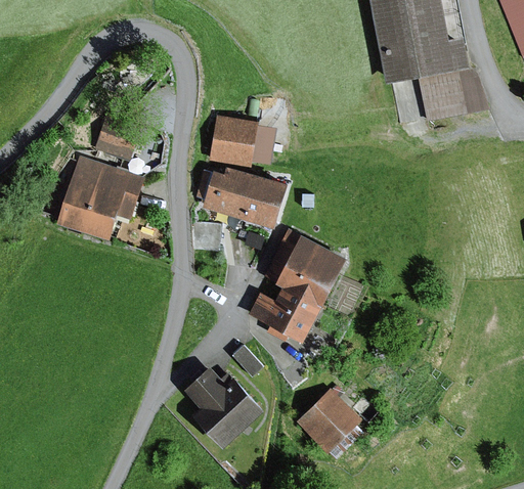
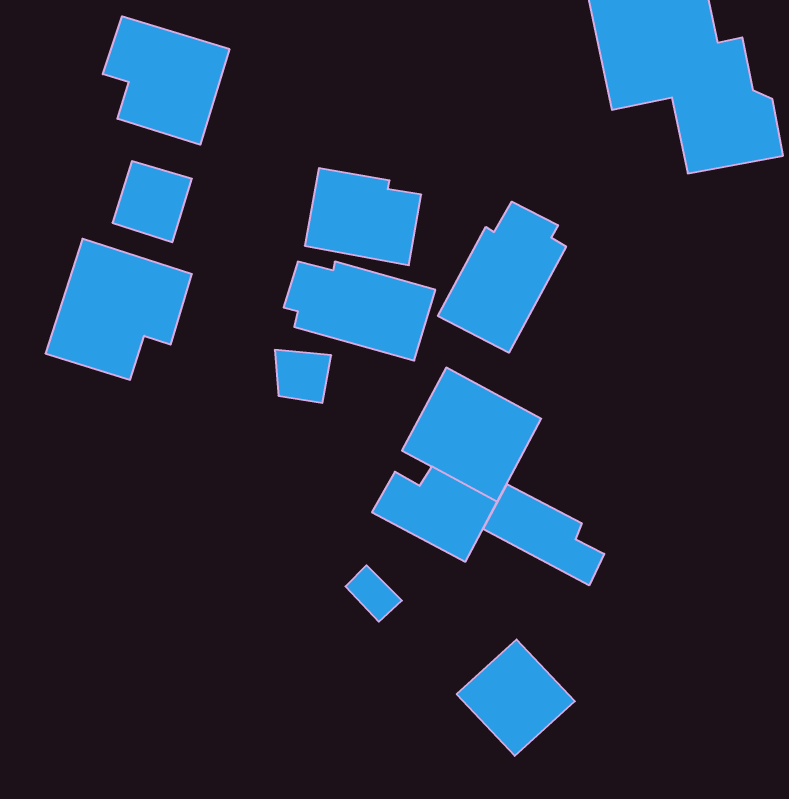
building: none -> [103,16,229,145]
building: none -> [438,202,566,353]
building: none -> [483,484,604,585]
building: [184,366,262,449] -> none

